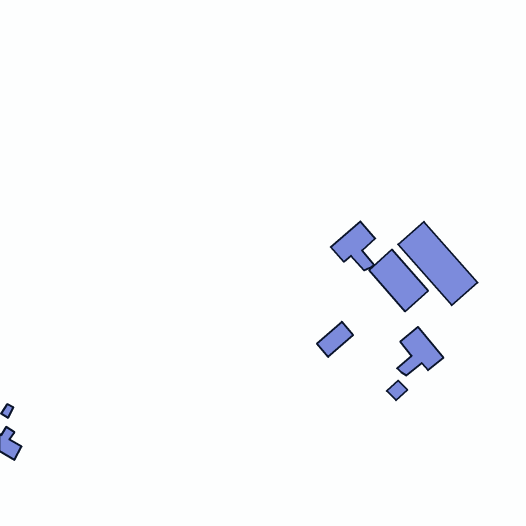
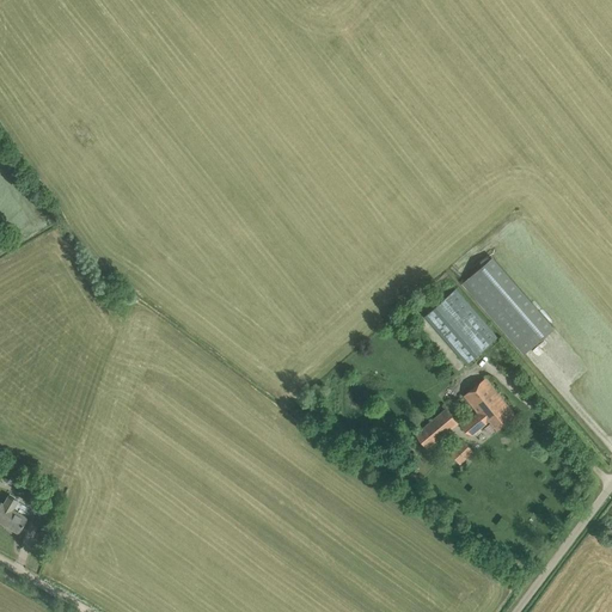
building: [331,221,375,270] -> none
building: [317,322,353,357] -> [415,410,457,451]

